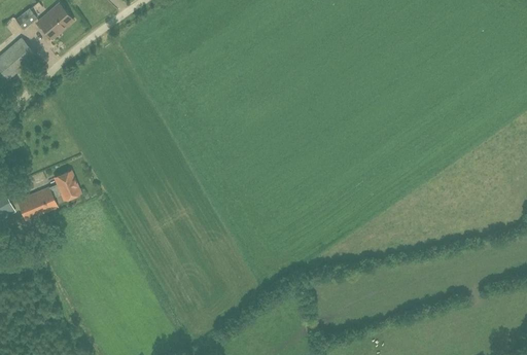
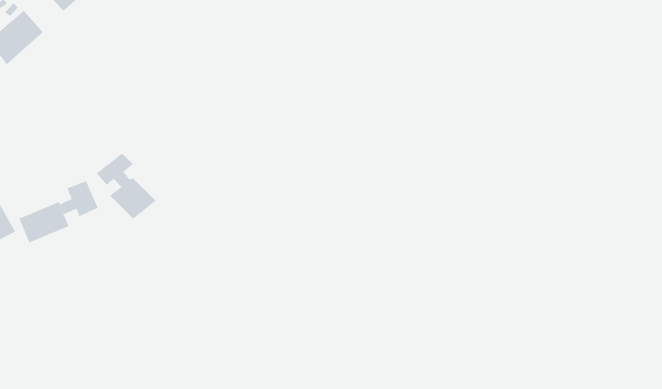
building: none -> [96,153,157,219]

